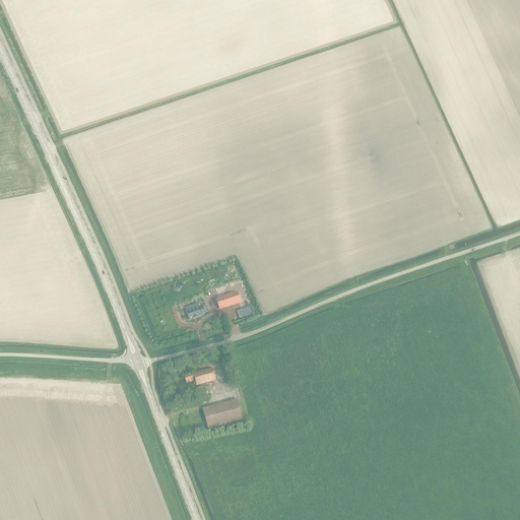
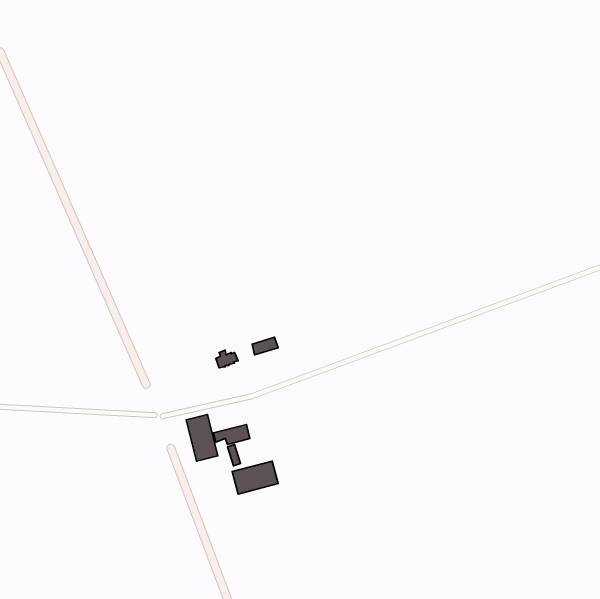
building: none -> [186,414,218,461]

